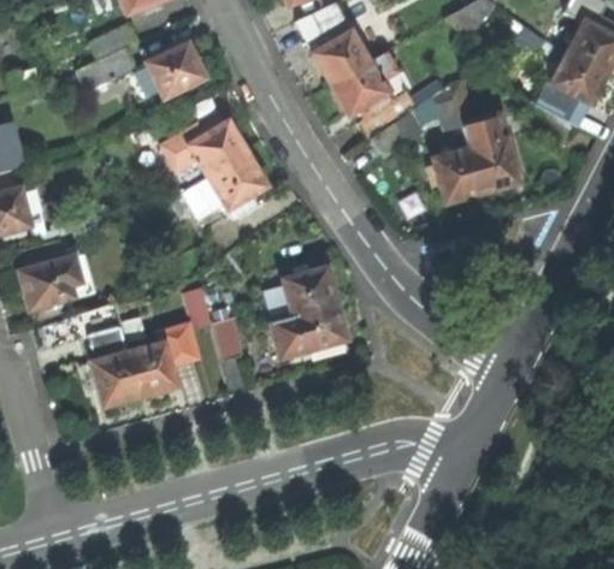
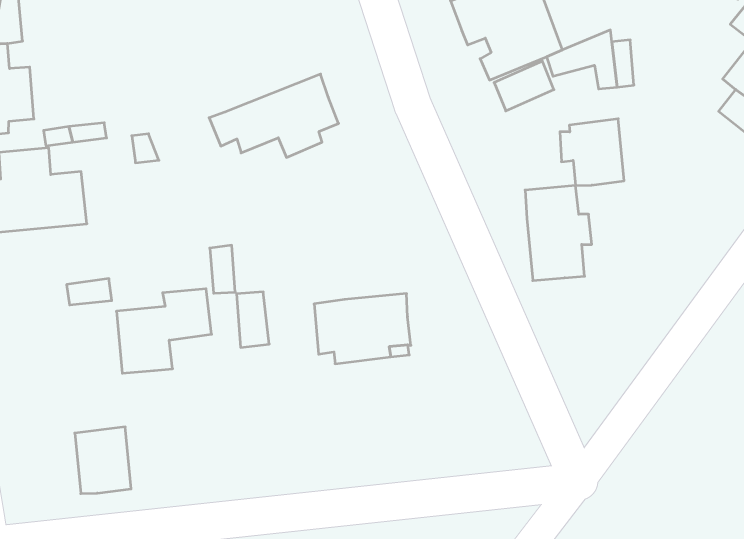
building: [161,115,246,192] -> none
building: [464,118,519,192] -> [525,186,592,281]
building: [282,266,336,314] -> none
building: [90,351,138,405] -> [75,427,131,494]

